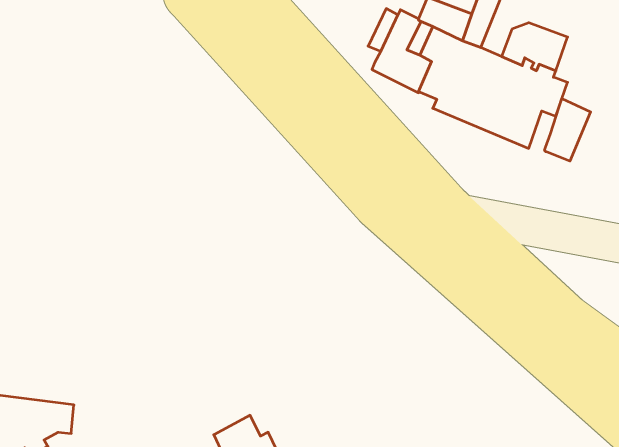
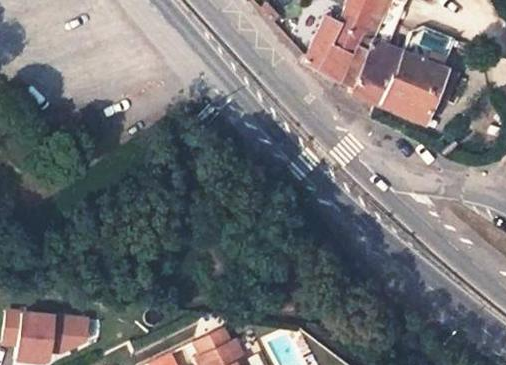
building: [545,99,591,161] -> none

